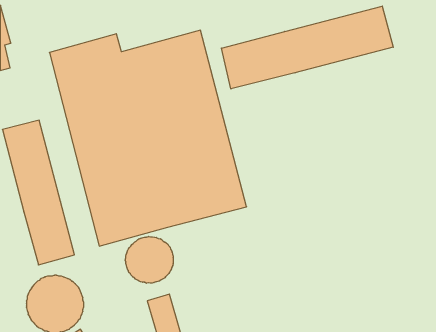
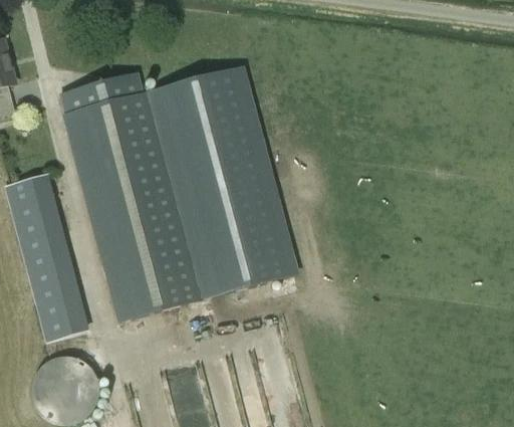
building: [221,6,393,89] -> none
building: [125,236,173,283] -> none

